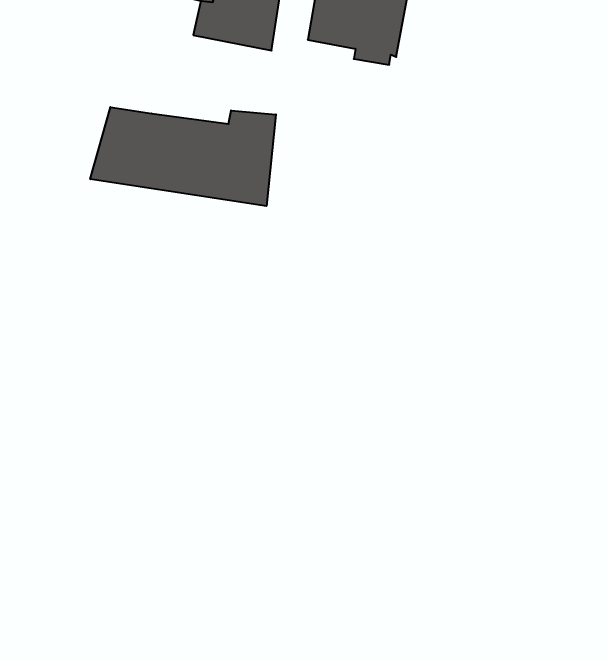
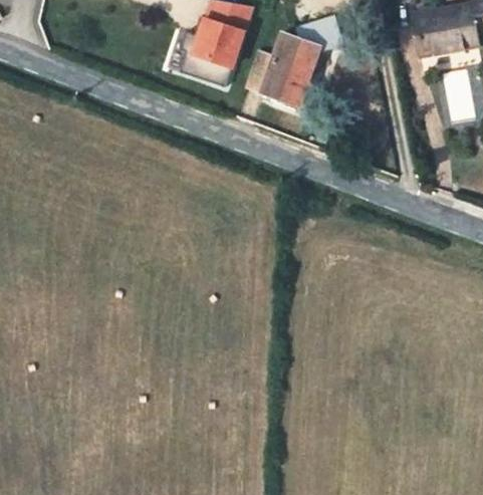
building: [90,107,276,206] -> none

